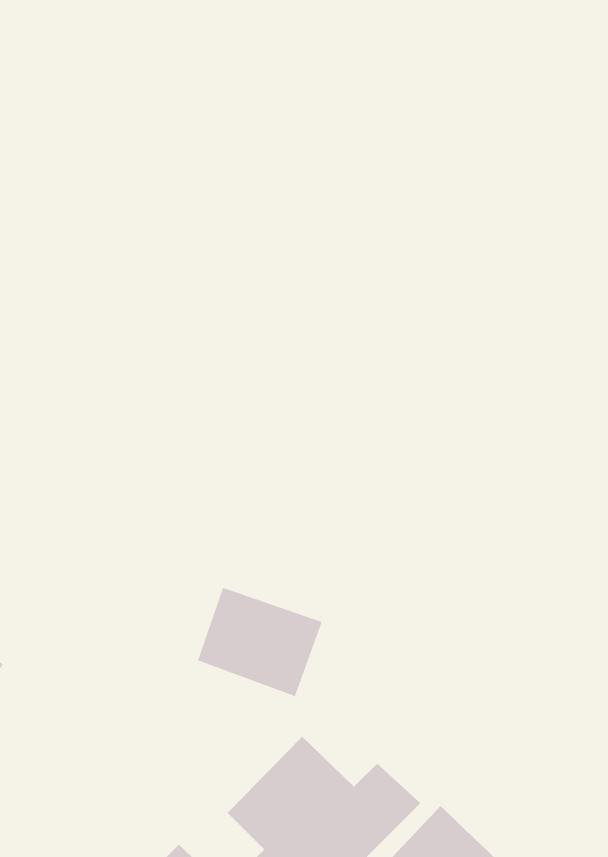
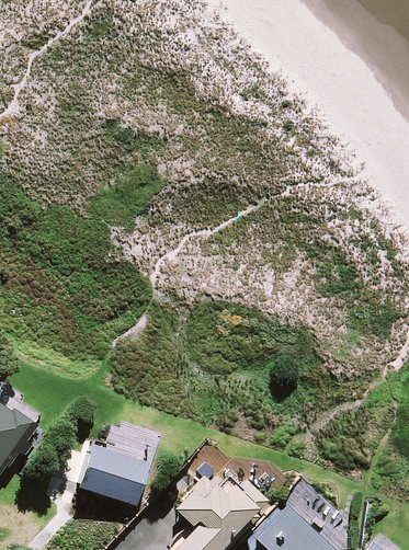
building: [197,587,322,697] -> [80,445,151,507]

